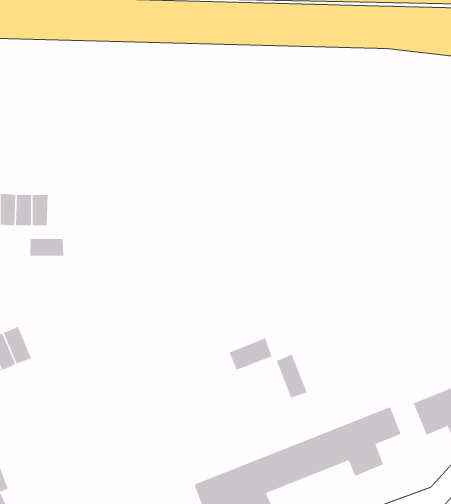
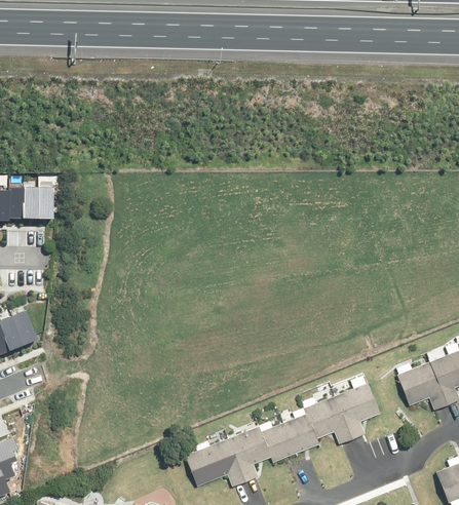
building: [30,238,64,257] -> none
building: [229,338,272,371] -> none
building: [276,354,307,399] -> none

